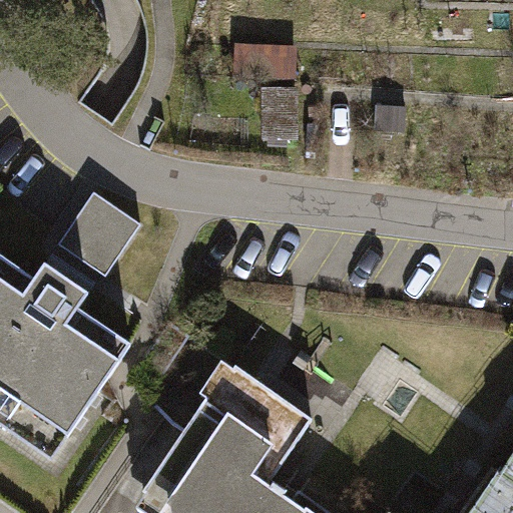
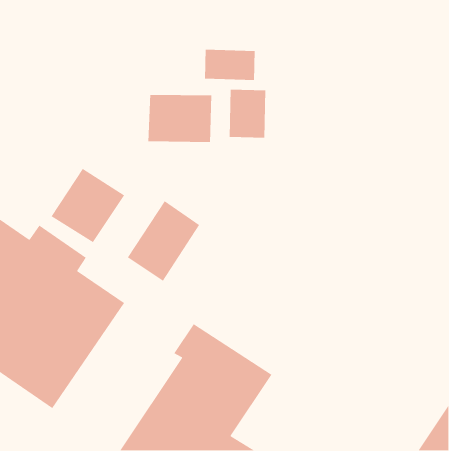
building: none -> [148,94,212,143]
building: none -> [127,200,200,282]

